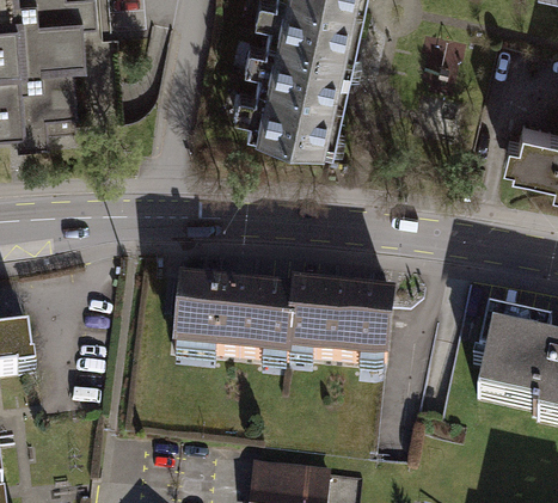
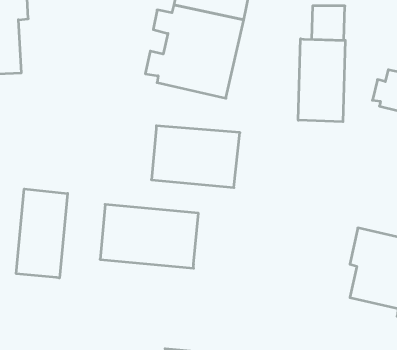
building: none -> [298,39,345,122]
building: none -> [16,189,68,278]
building: [288,290,395,366] -> [151,126,240,188]

